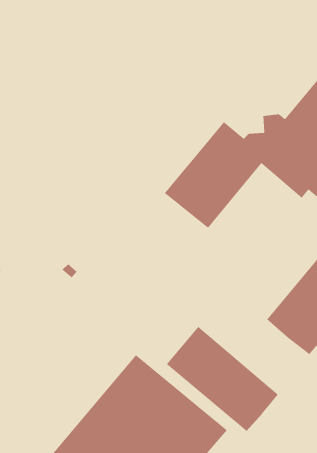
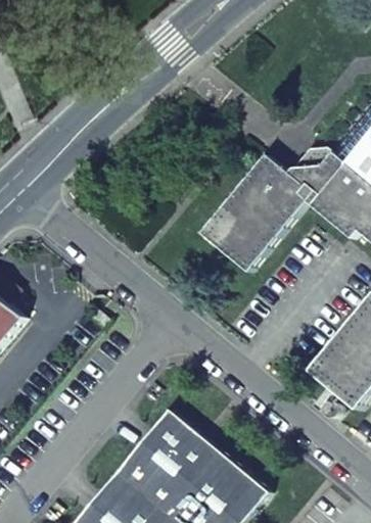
building: [166,326,279,432] -> none

